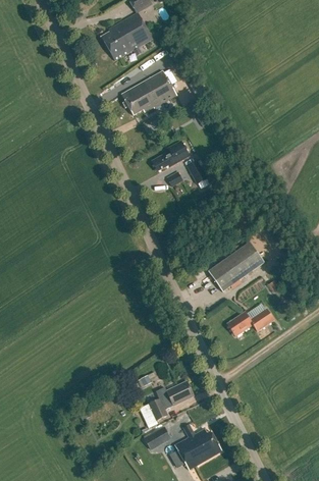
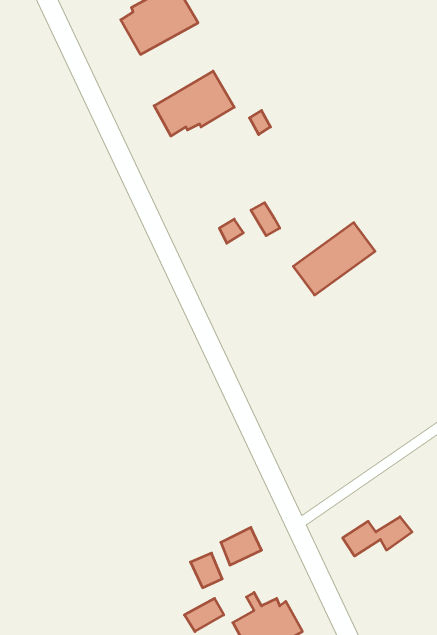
building: [153,141,190,172] -> none
building: [210,242,265,290] -> [293,223,375,295]
building: [227,309,274,335] -> [343,517,412,556]

